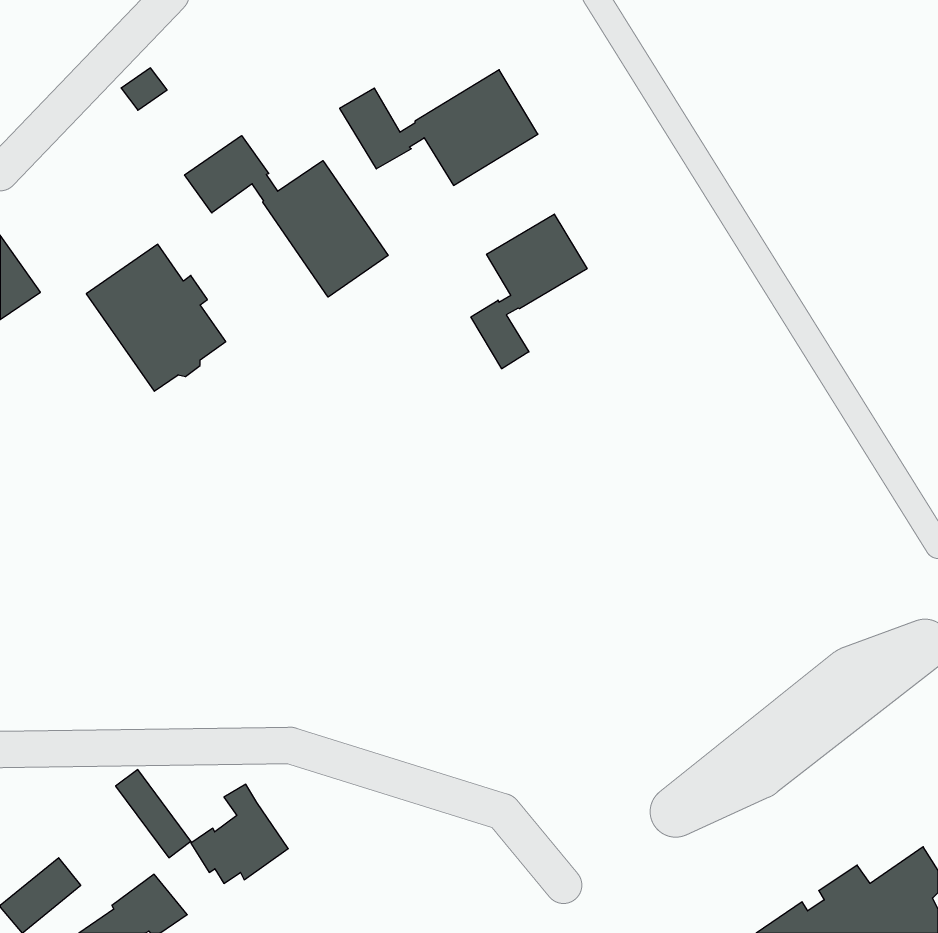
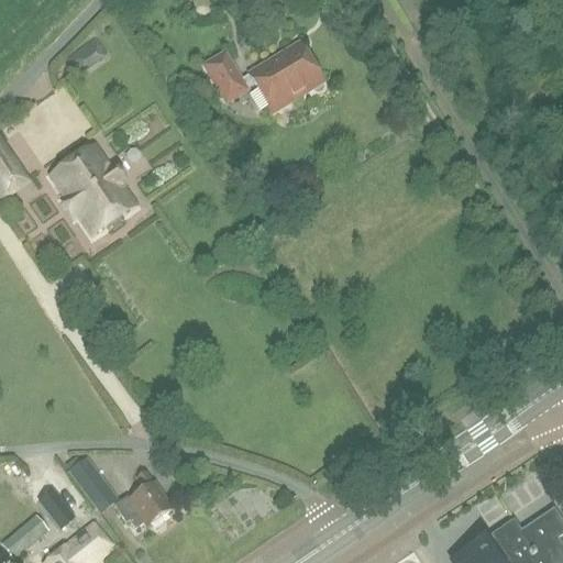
building: [185,136,388,297] -> none
building: [471,214,587,369] -> none
building: none -> [40,488,76,528]

